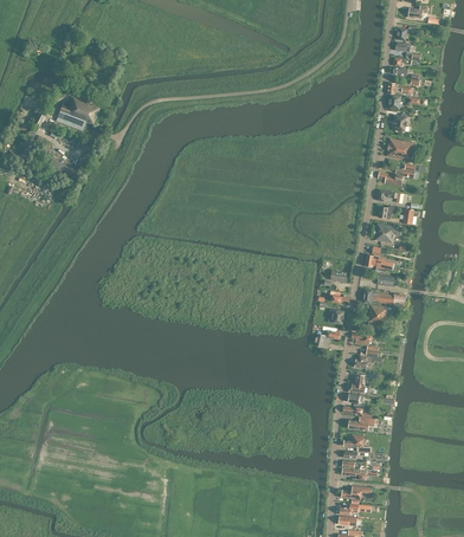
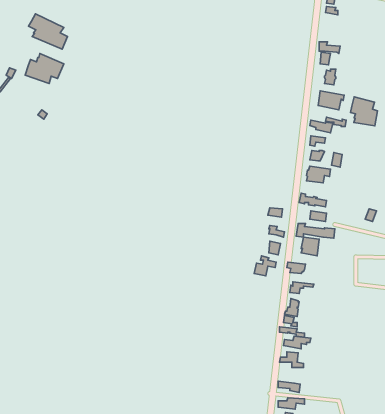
building: none -> [28,14,68,49]
building: none -> [350,97,378,126]

